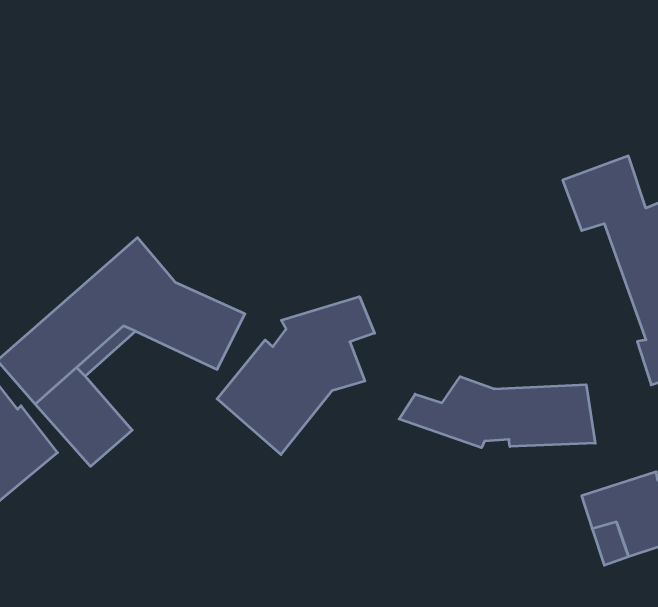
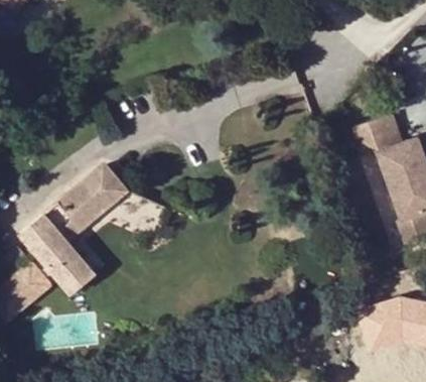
building: [217,297,375,455] -> none
building: [399,377,595,448] -> none

